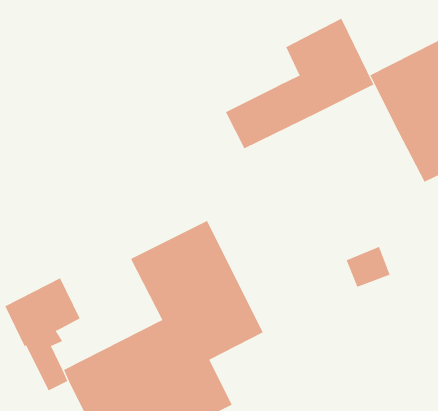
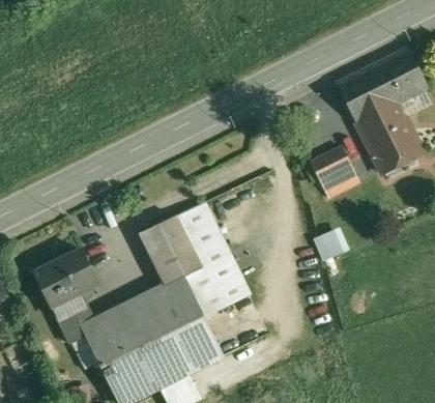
building: [225,18,374,149] -> none
building: none -> [311,145,359,196]

